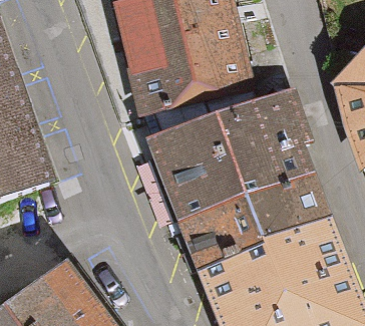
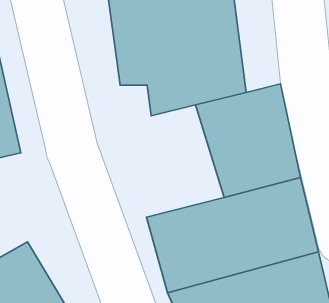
building: [143,114,248,225] -> none

